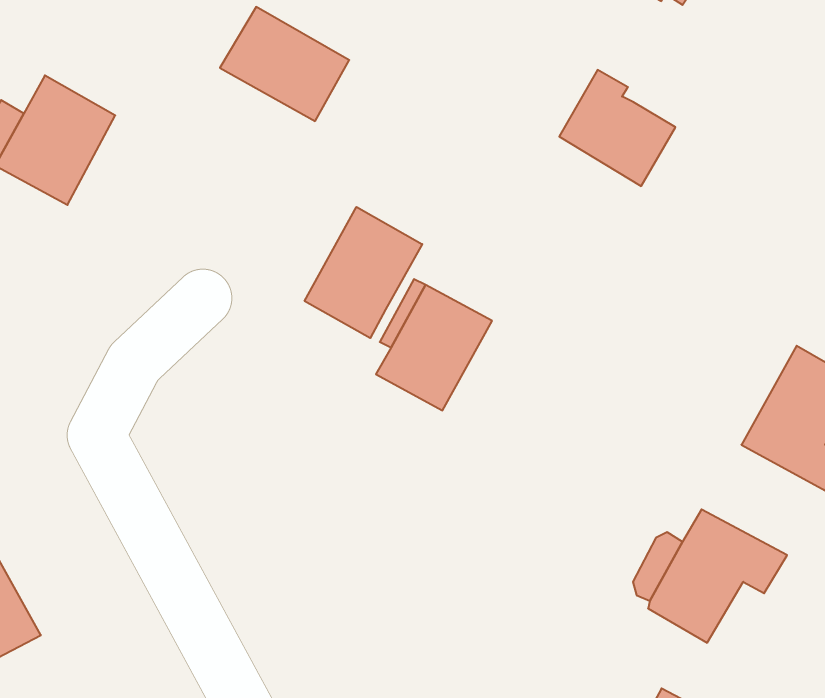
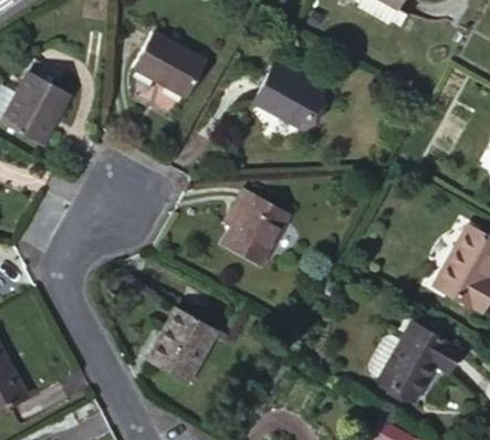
building: [559,70,675,186] -> [256,62,323,129]
building: [305,207,422,338] -> none
building: none -> [146,307,217,385]

